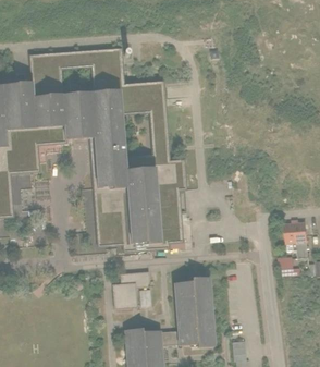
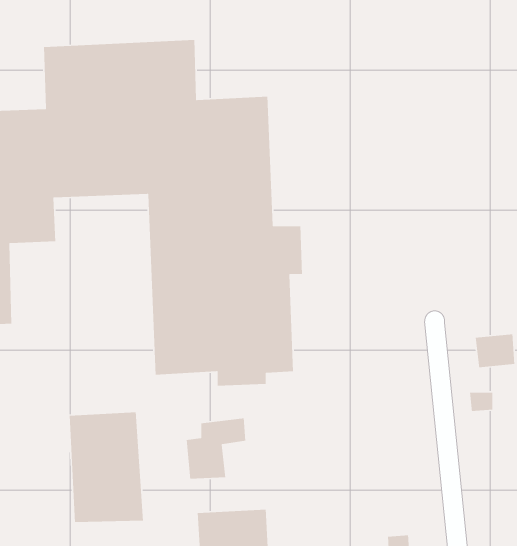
building: [170,277,214,343] -> [69,411,144,523]

